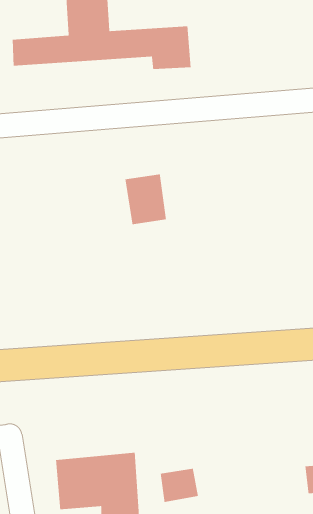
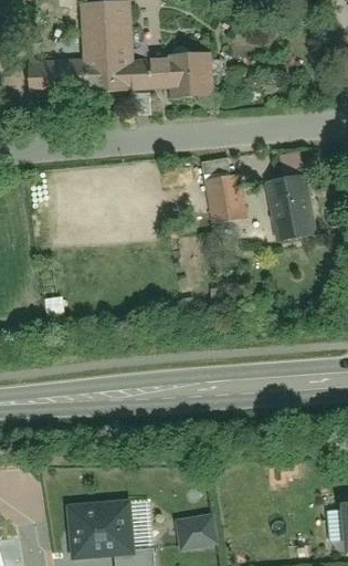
building: none -> [265,176,315,242]
building: [125,173,167,225] -> [197,178,241,232]

